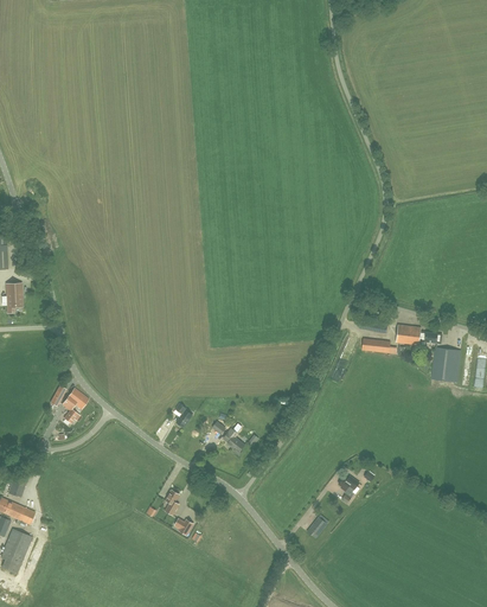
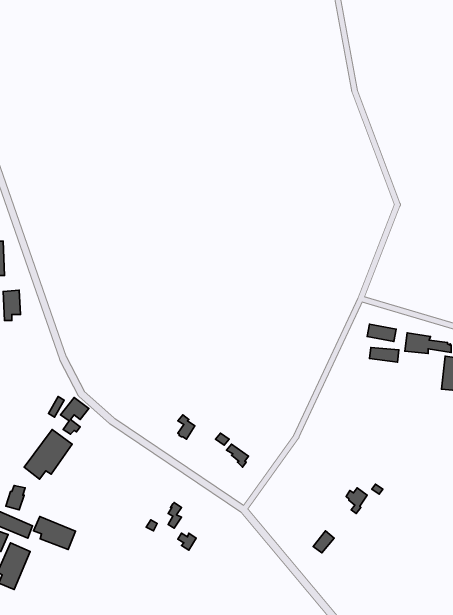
building: none -> [24,430,72,479]
building: none -> [34,516,75,549]

